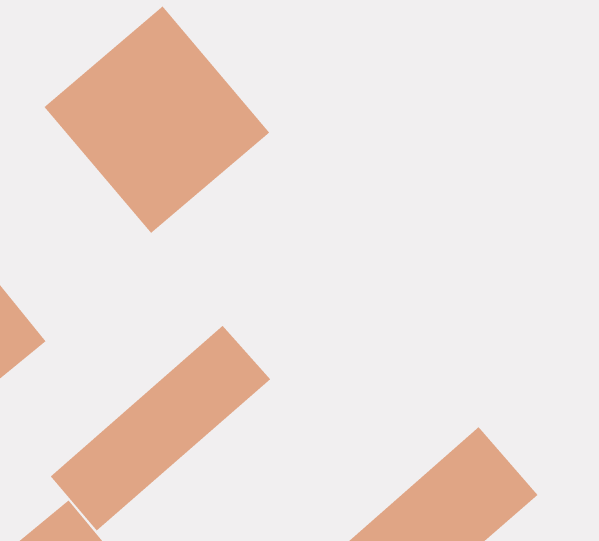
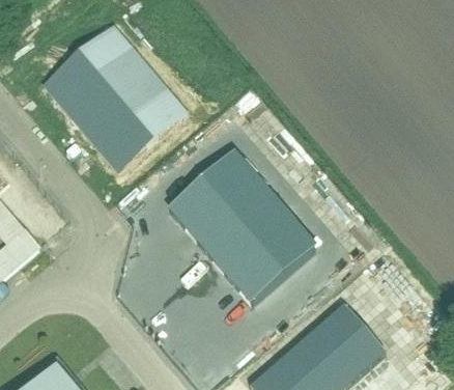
building: none -> [167,152,313,304]
building: [50,325,271,531] -> none

